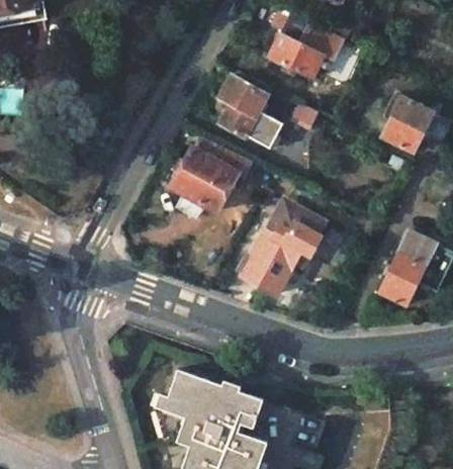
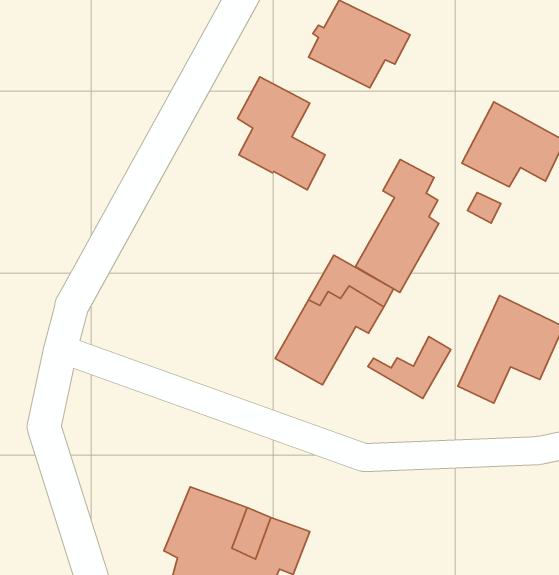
building: none -> [356,159,439,292]
building: [166,142,249,216] -> none
building: none -> [368,337,451,398]

